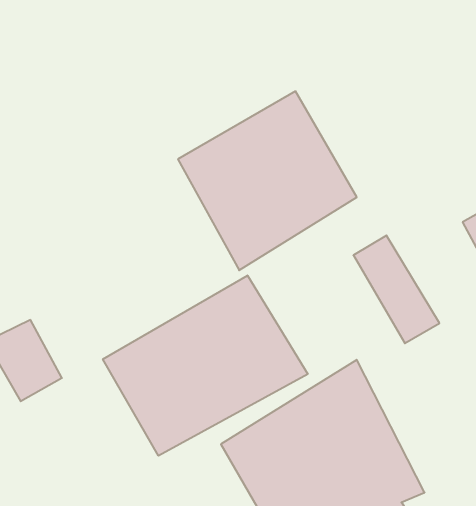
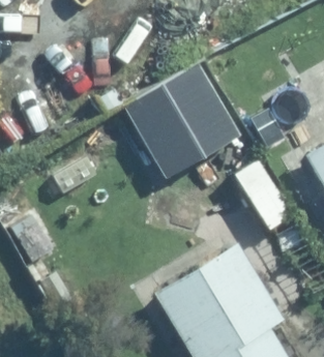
building: [103,275,308,456] -> none

